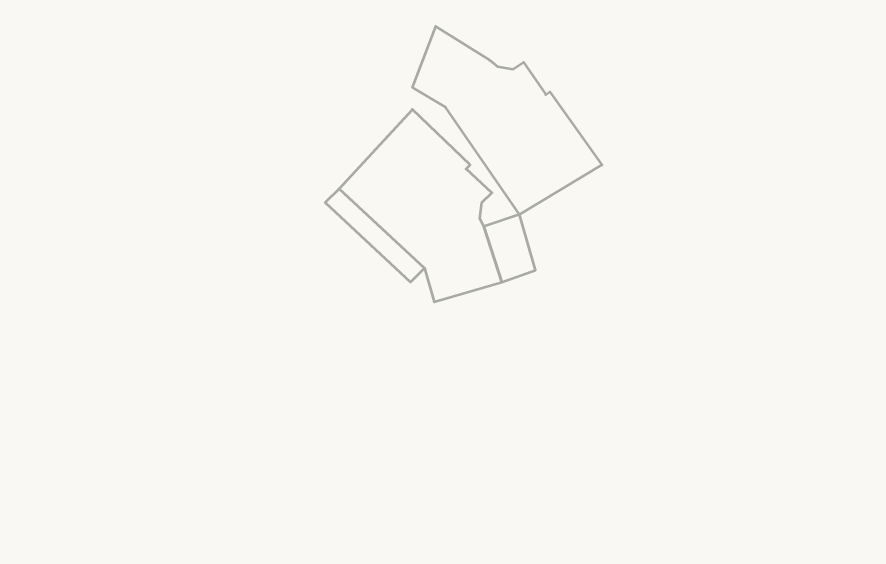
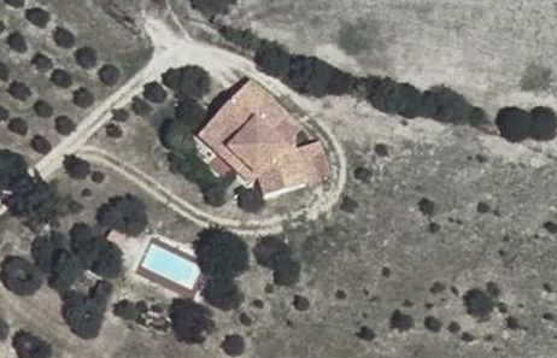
building: [413,26,602,215] -> none

